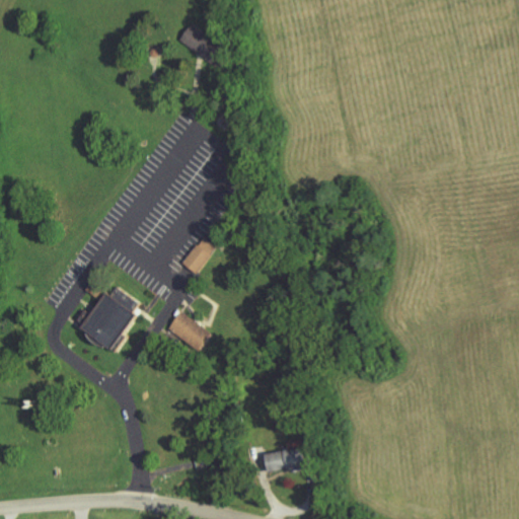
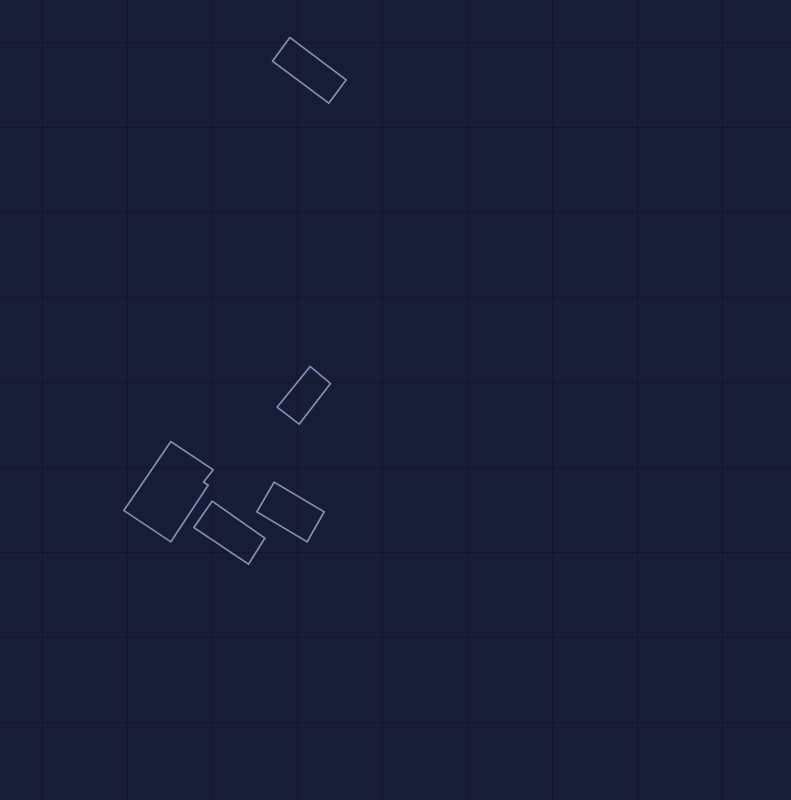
building: none -> [194,501,265,564]
building: [262,448,302,474] -> none

